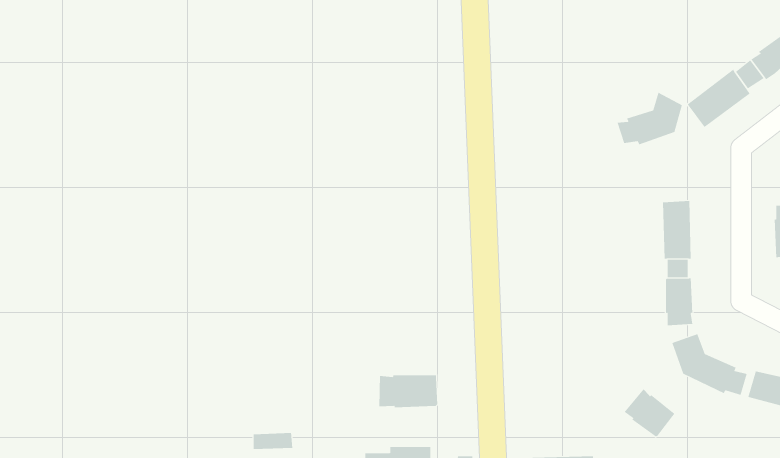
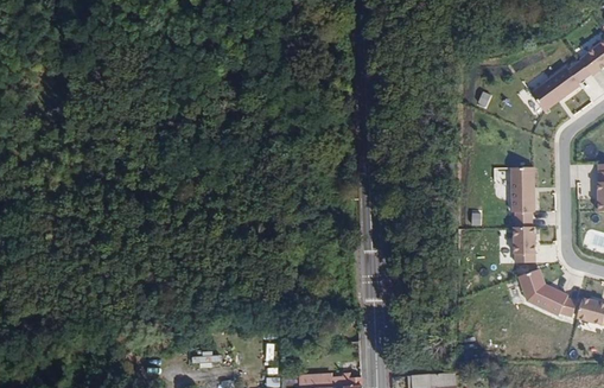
building: [617,92,682,145] -> none
building: [379,374,438,408] -> none
building: [624,389,675,437] -> none

